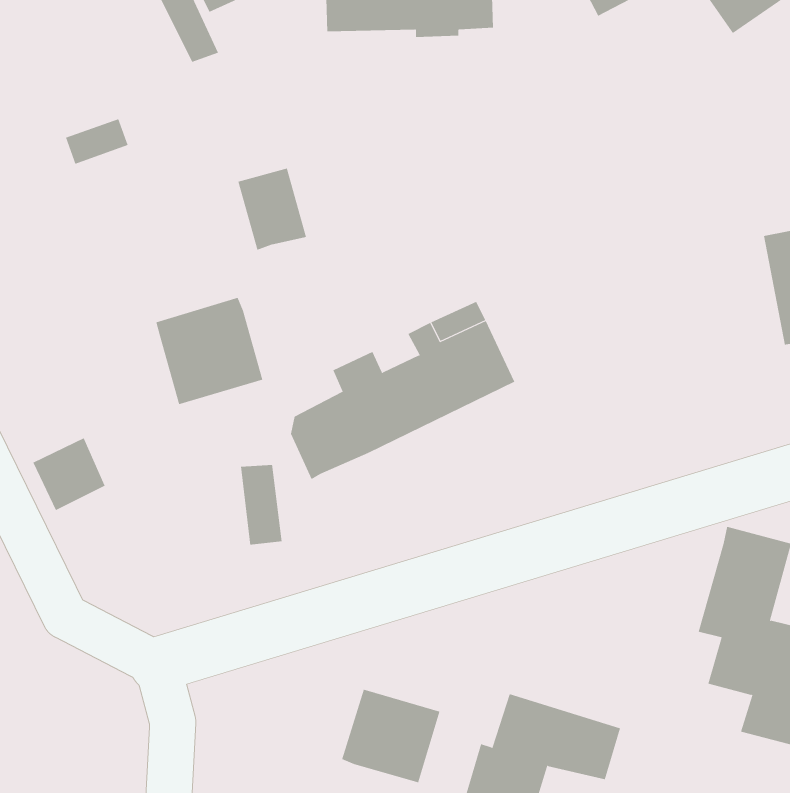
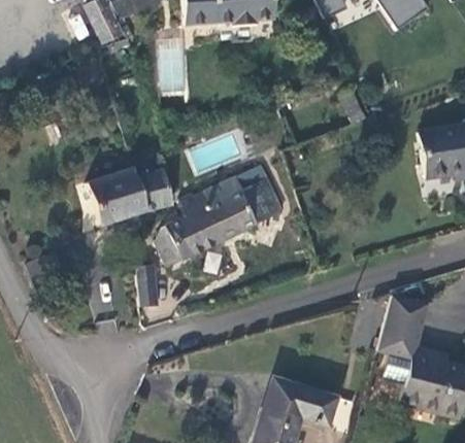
building: [238,168,307,251] -> [136,166,173,210]
building: [342,689,440,783] -> none

